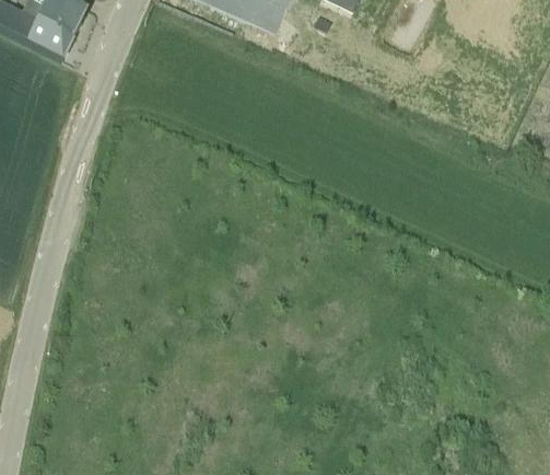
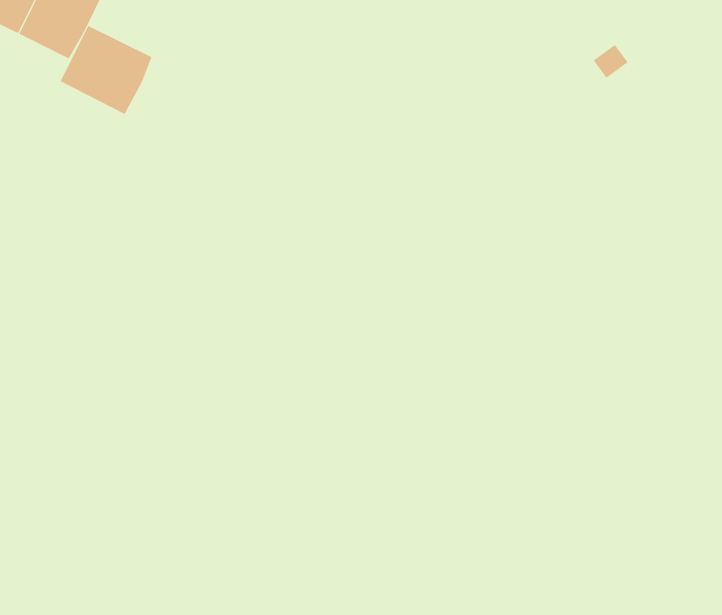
building: none -> [60,25,152,115]

